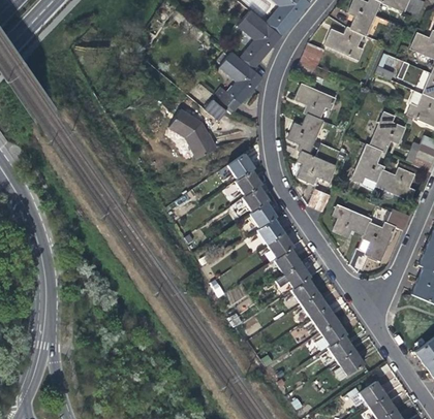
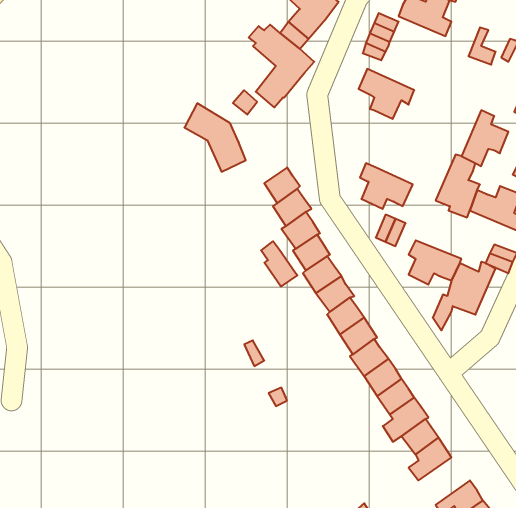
building: [288,112,323,154] -> none
building: none -> [261,241,297,287]

